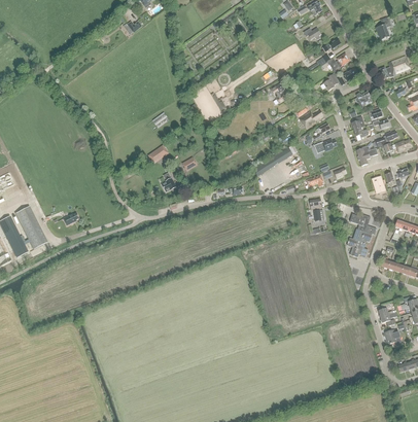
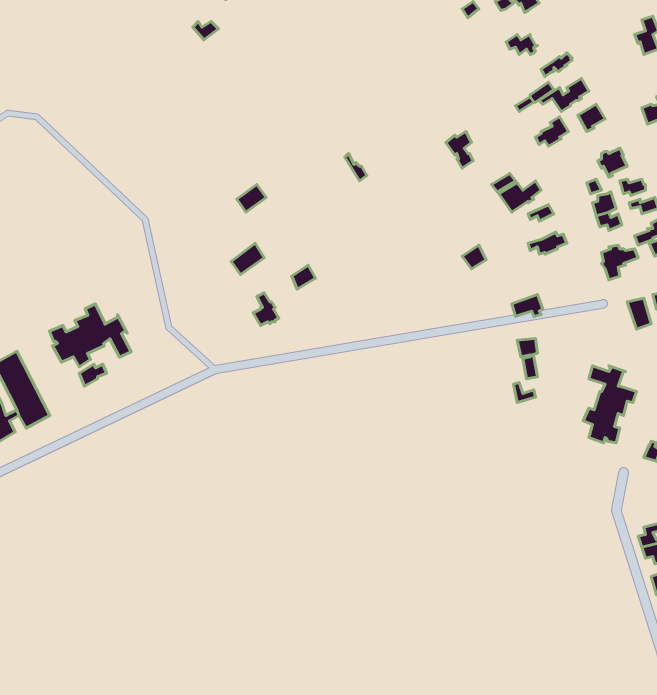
building: none -> [49,304,131,367]

